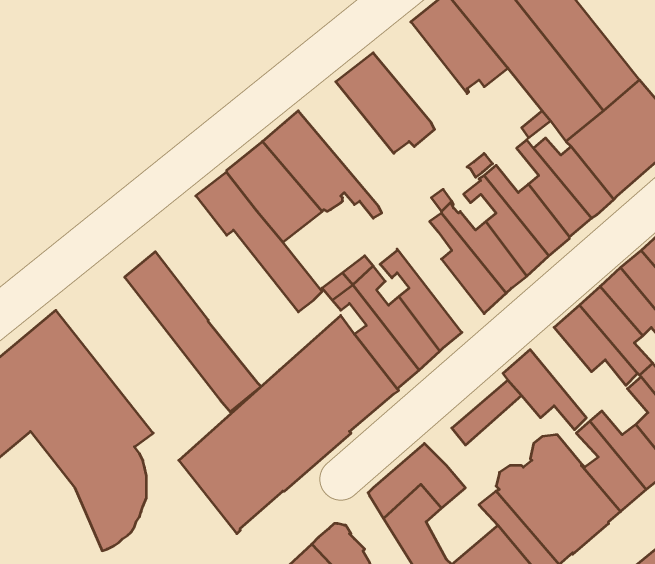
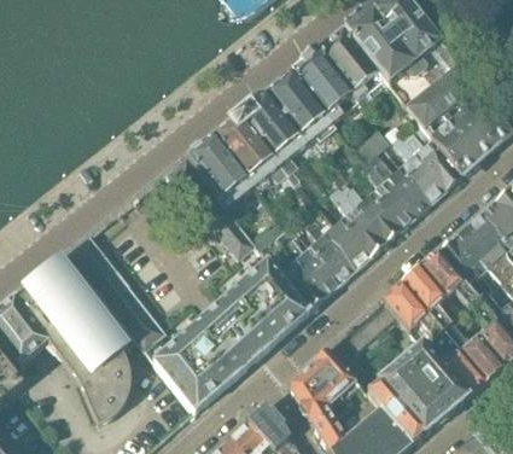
building: none -> [291,51,357,122]
building: none -> [238,93,305,181]
building: none -> [308,204,369,270]
building: [125,252,261,412] -> [69,235,165,349]
building: none -> [402,267,450,331]

